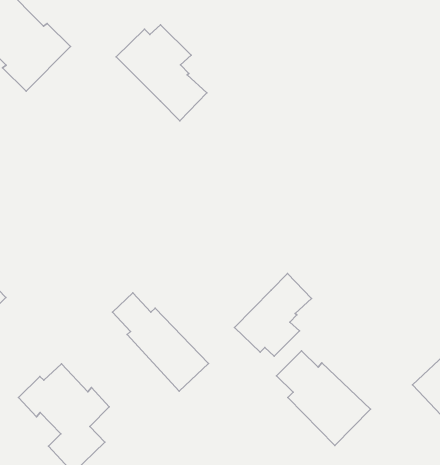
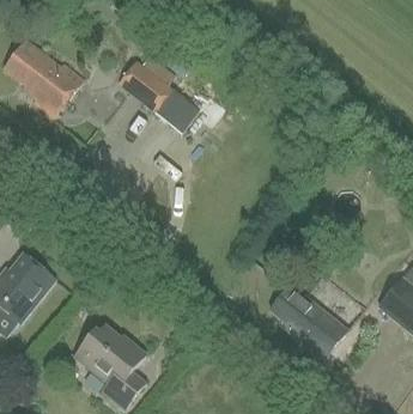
building: [235,274,312,356] -> none
building: [113,293,208,391] -> none

